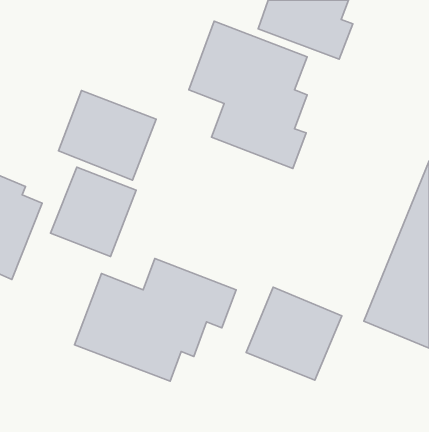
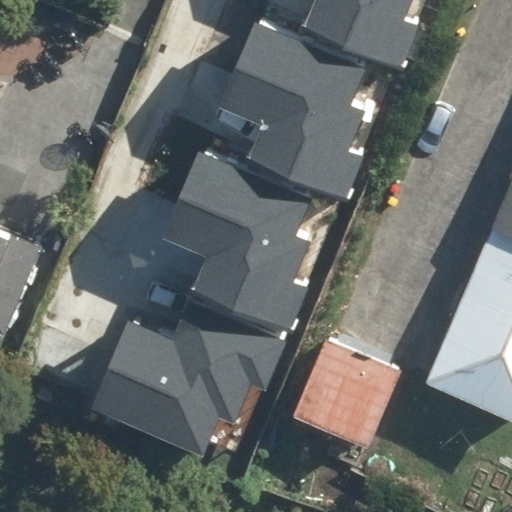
building: [59,90,156,180] -> none
building: none -> [166,157,307,330]
building: [51,167,136,257] -> none

